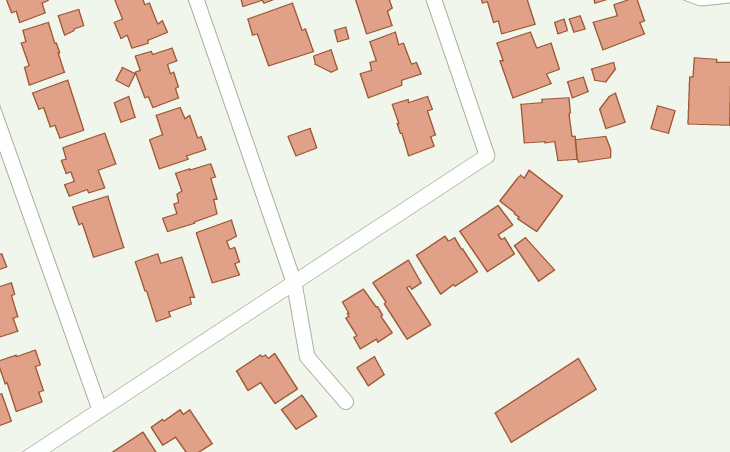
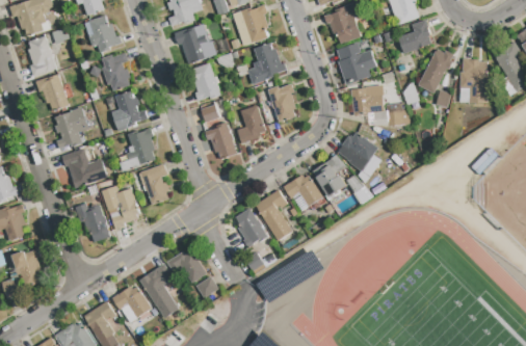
building: none -> [418,50,453,94]
building: none -> [193,63,220,101]
building: none -> [237,105,266,143]
building: none -> [205,123,237,159]
building: none -> [76,204,110,242]
building: [495,359,596,442] -> [257,247,322,301]
building: none -> [142,265,173,307]

